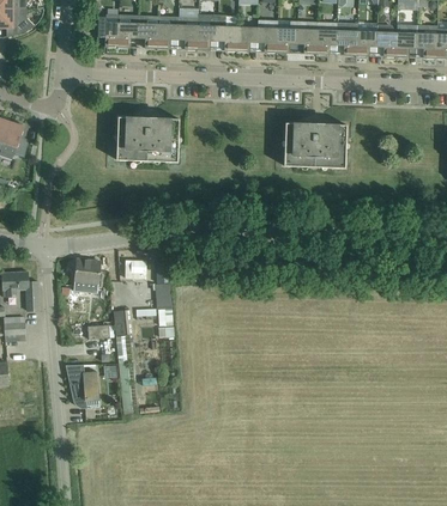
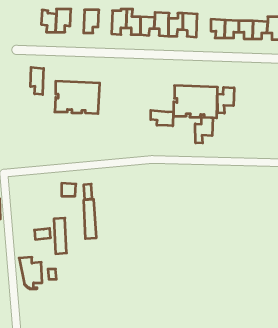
building: [137,14,157,48] -> none
building: [176,16,197,49] -> none
building: [315,22,336,54] -> none
building: none -> [31,67,44,95]
building: none -> [217,87,234,113]
building: none -> [151,110,173,126]
building: none -> [195,117,213,143]
building: [73,258,99,288] -> none

